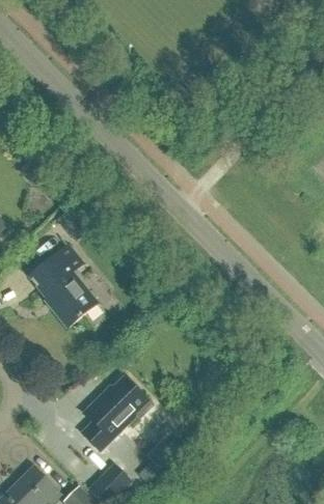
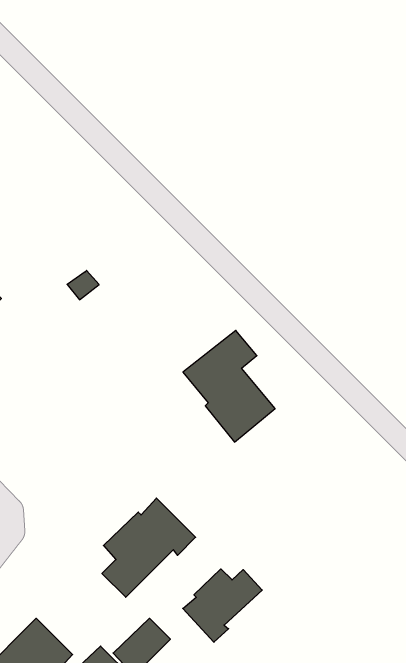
building: [28,244,97,327] -> [183,330,275,442]
building: none -> [183,569,262,642]

